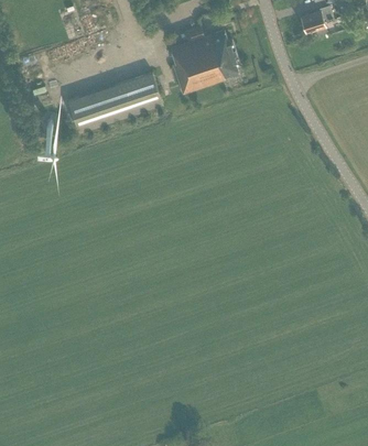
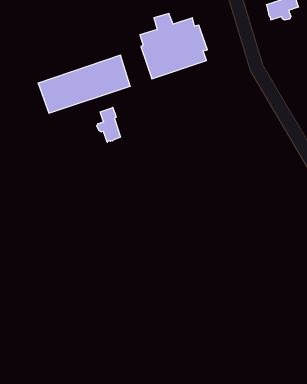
building: none -> [97,107,121,142]

